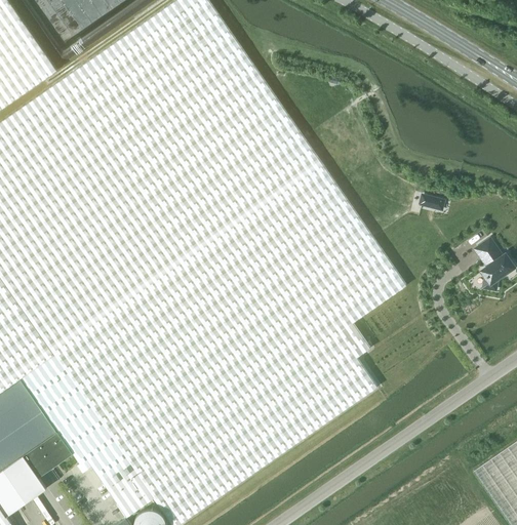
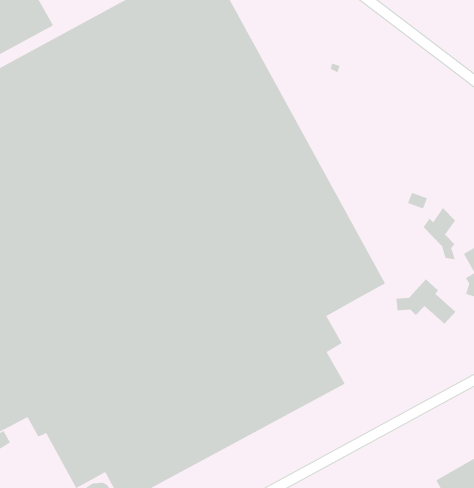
building: none -> [423,207,456,260]
building: none -> [396,279,456,325]

